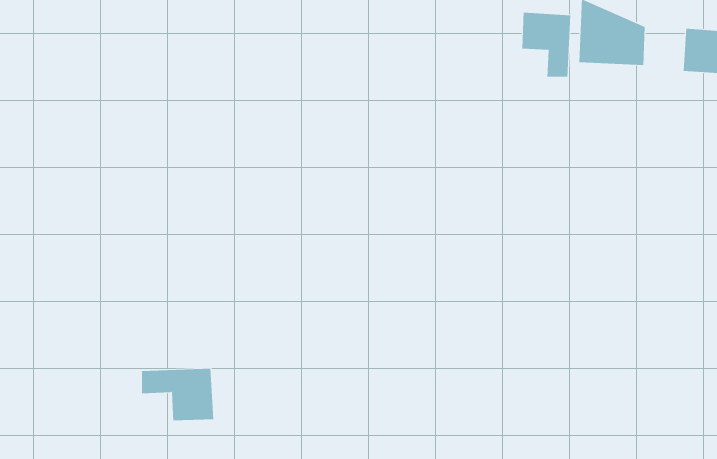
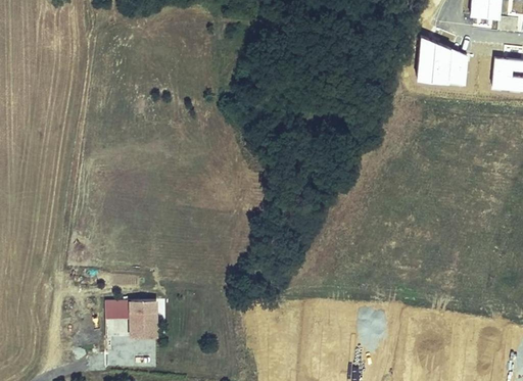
building: [522,12,571,78] -> none

